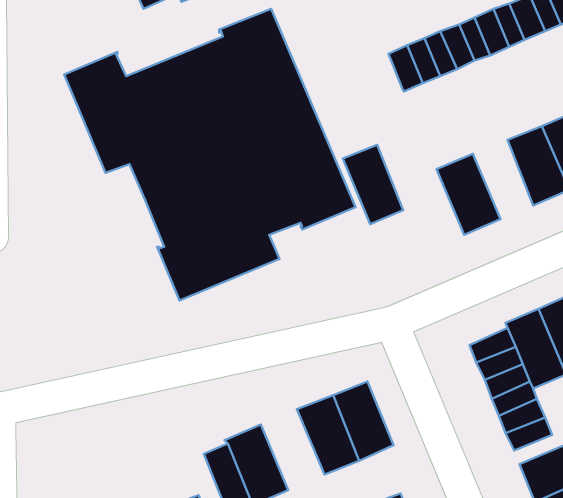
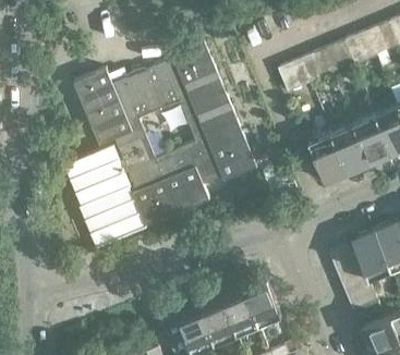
building: [343,145,403,224] -> [331,124,369,174]
building: none -> [64,146,147,248]
building: none -> [197,294,238,345]

